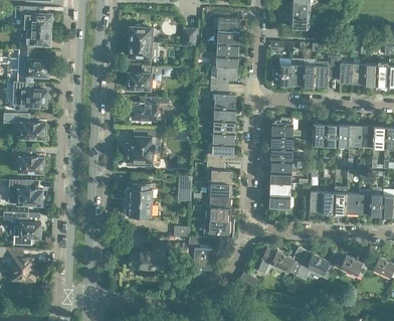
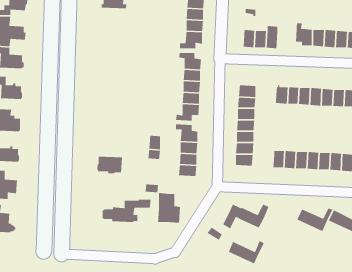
building: [128,42,157,59] -> none
building: [314,57,334,86] -> none
building: [126,66,172,91] -> none
building: [132,98,159,121] -> none
building: [127,131,159,167] -> none
building: [124,183,152,199] -> none
building: [198,219,228,238] -> none
building: [301,251,340,277] -> [228,240,265,265]

